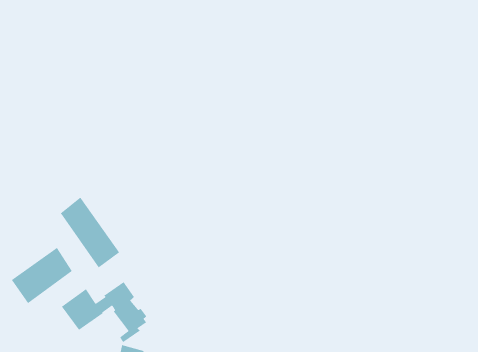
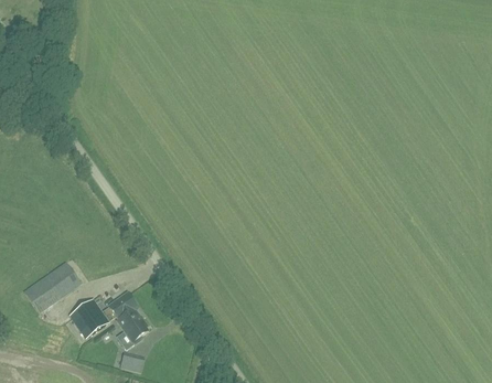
building: [60,197,120,269] -> none

